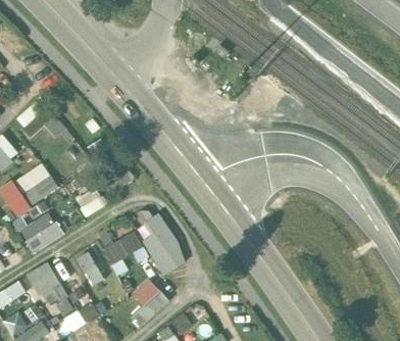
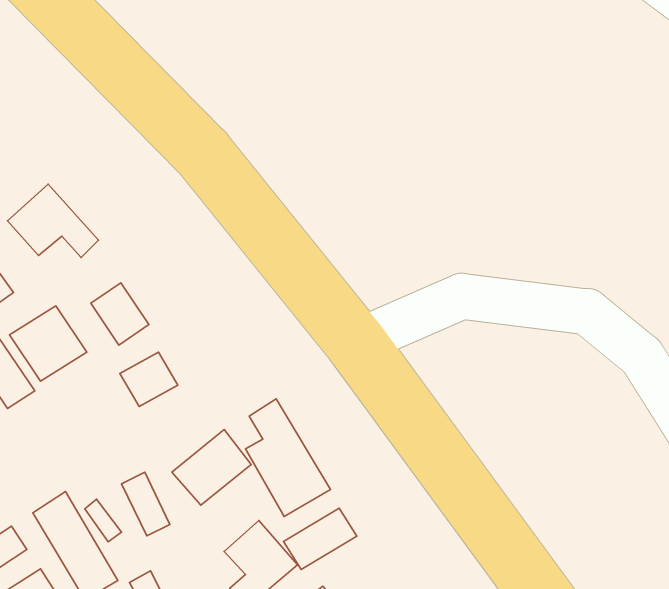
building: none -> [91,283,149,345]
building: [18,211,62,254] -> none
building: none -> [284,508,357,570]

